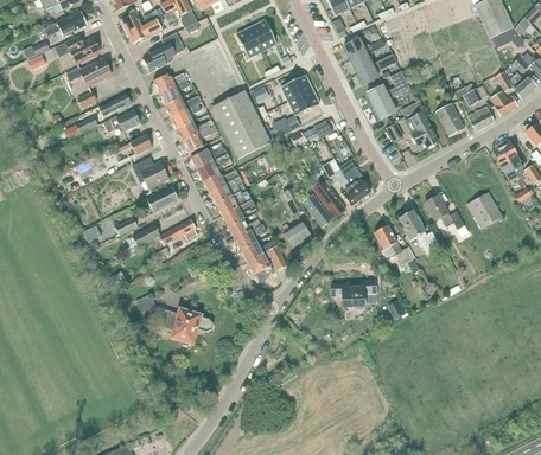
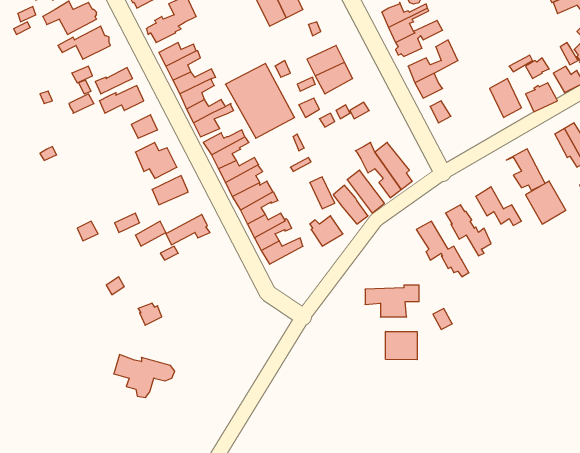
building: [405,111,438,147] -> [506,149,545,190]
building: [248,246,287,275] -> none
building: [161,309,214,346] -> [114,355,175,398]
building: none -> [386,331,417,360]

